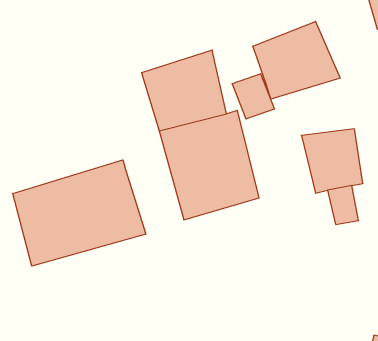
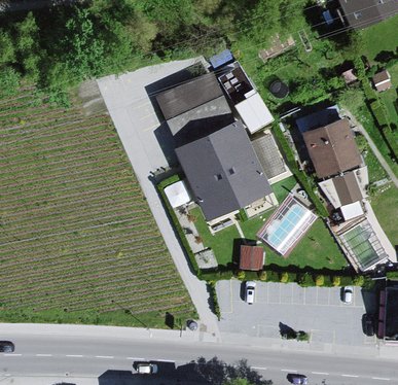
building: [253,21,340,99] -> none
building: [13,160,146,266] -> none

